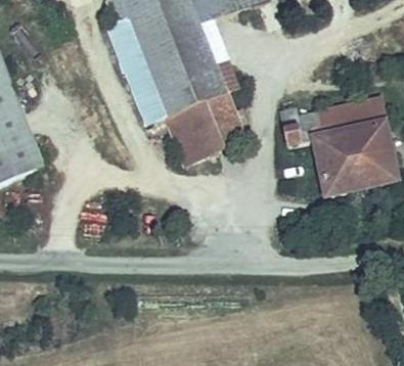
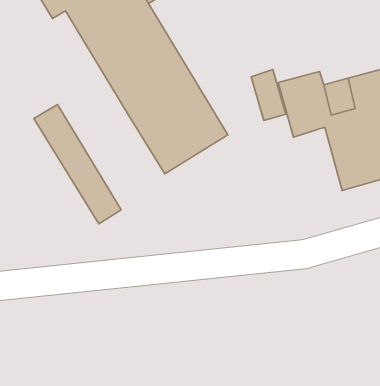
building: [108,24,171,125] -> [34,104,121,224]

